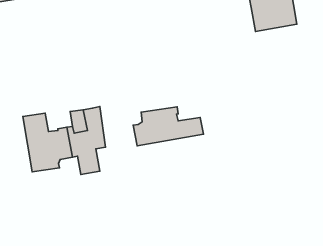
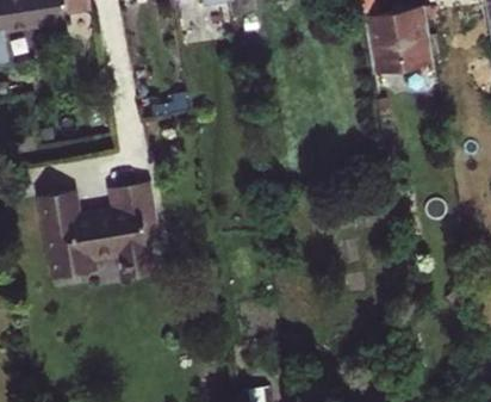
building: [133,107,204,146] -> none

